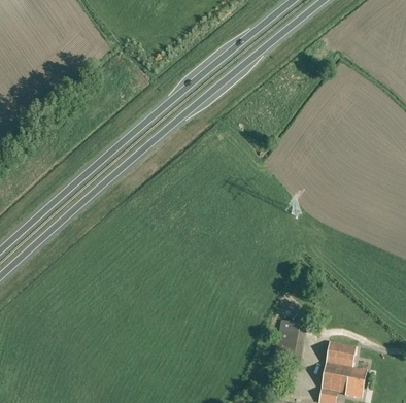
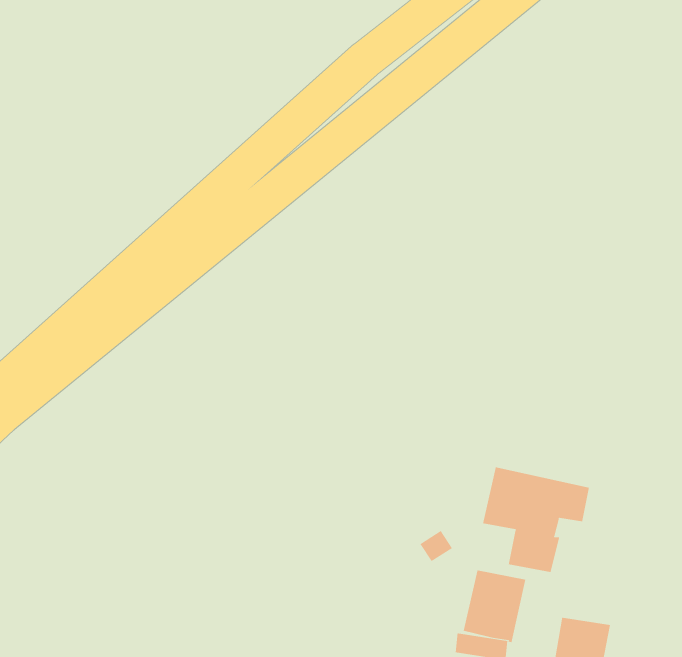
building: none -> [482,467,589,573]

